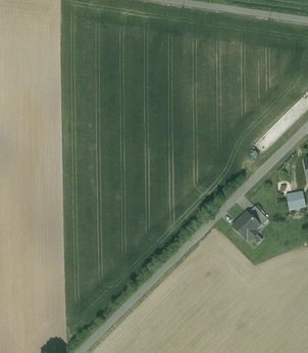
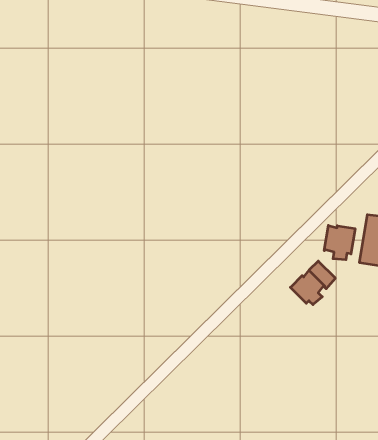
building: none -> [324,225,355,260]

